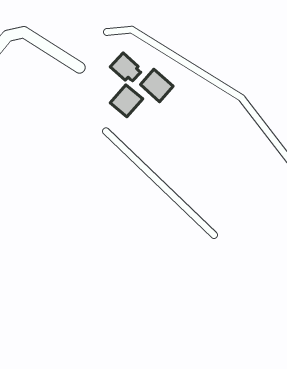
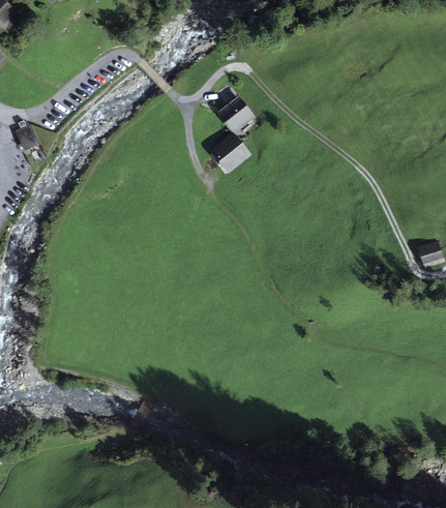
building: [141,69,173,102] -> none

